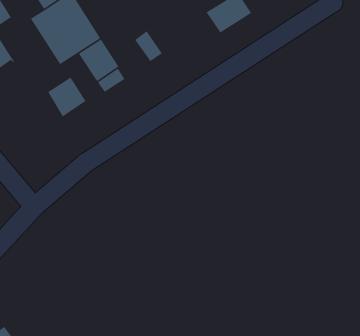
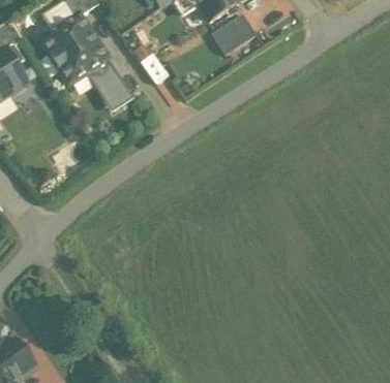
building: [47,76,87,118] -> none

